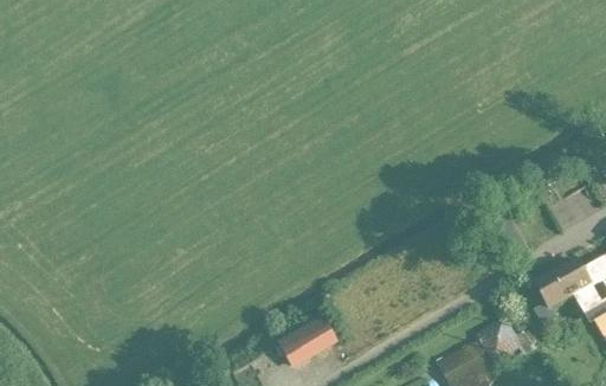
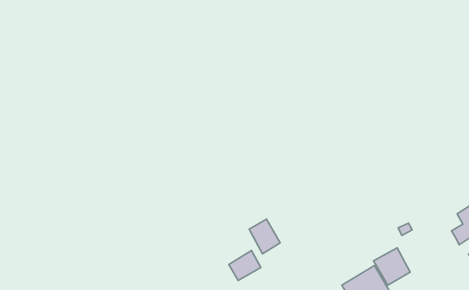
building: [536,262,591,327] -> none
building: none -> [249,219,280,254]

